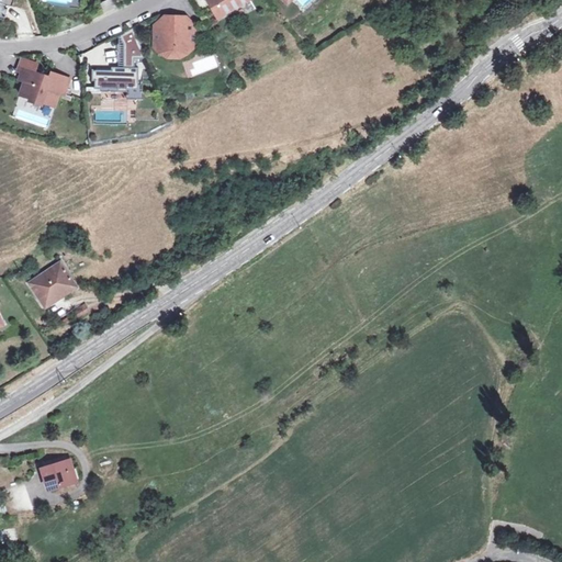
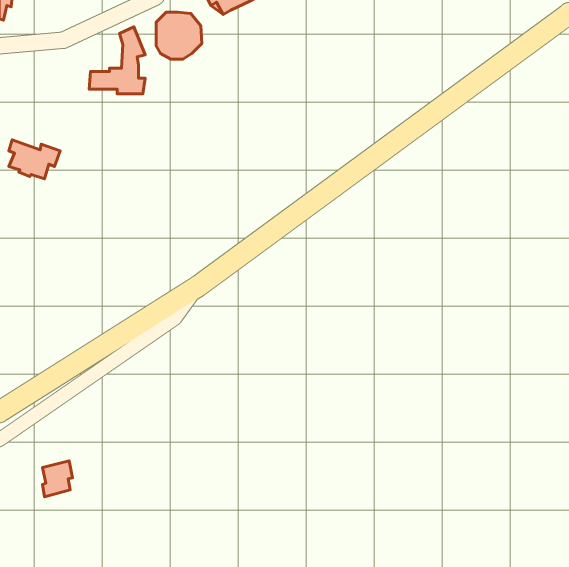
building: [19,70,69,109] -> [9,140,60,179]
building: [29,263,74,303] -> none

